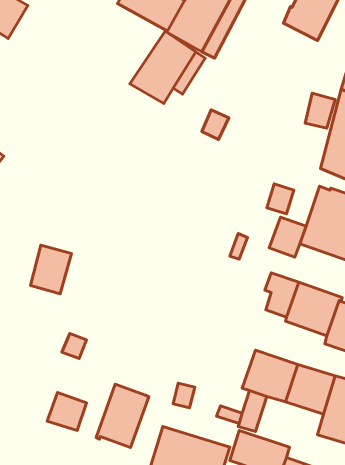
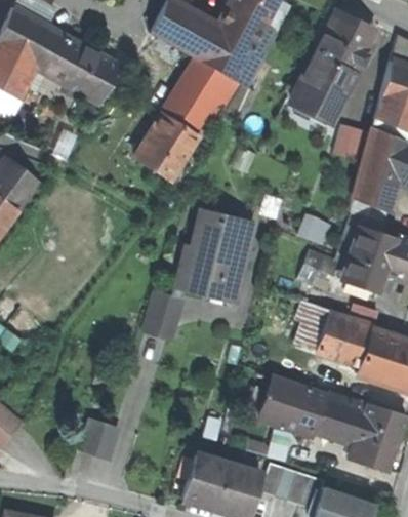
building: none -> [41,36,120,104]
building: none -> [290,53,356,122]
building: none -> [133,113,198,181]
building: none -> [181,210,250,300]
building: [30,245,72,294] -> [145,289,186,337]
building: [96,384,149,447] -> none

